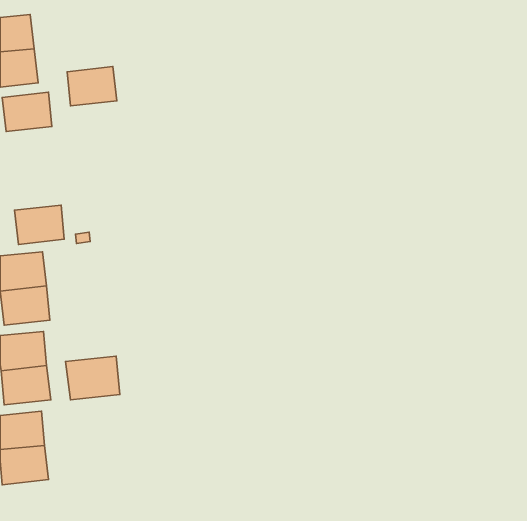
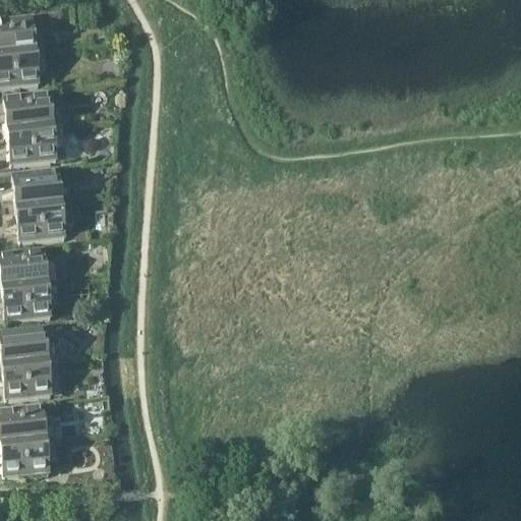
building: [67,67,117,106] -> [8,124,57,163]
building: none -> [13,168,62,207]
building: [65,356,120,400] -> none

